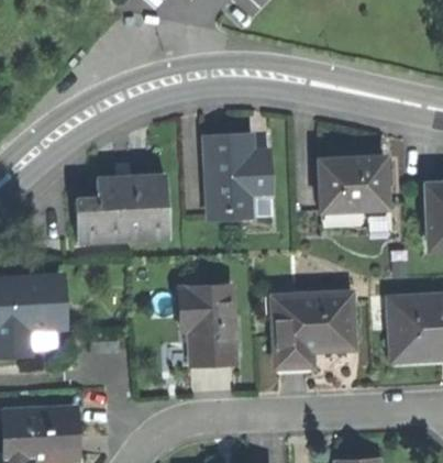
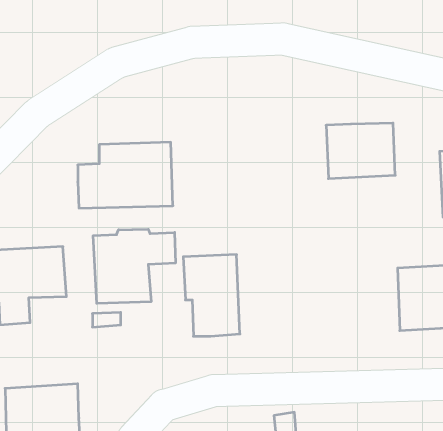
building: [206,136,273,219] -> none
building: none -> [93,229,175,303]
building: [273,293,351,366] -> none

